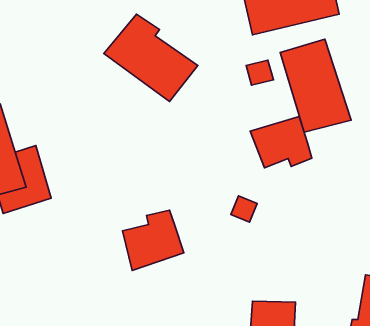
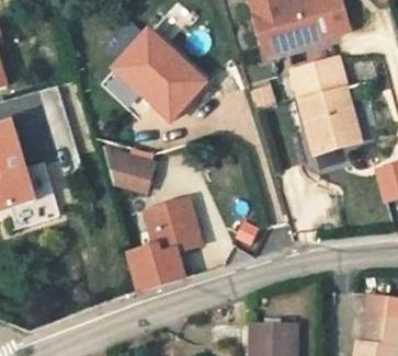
building: [250,117,312,168] -> none
building: none -> [105,140,159,192]
building: none -> [145,196,202,246]

